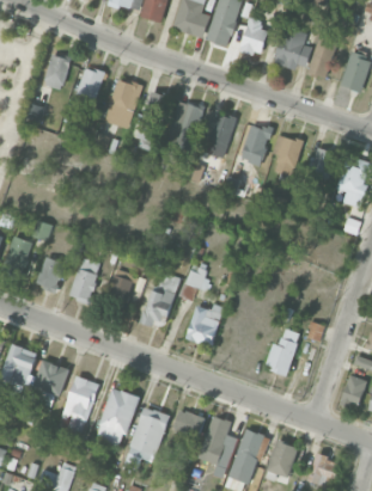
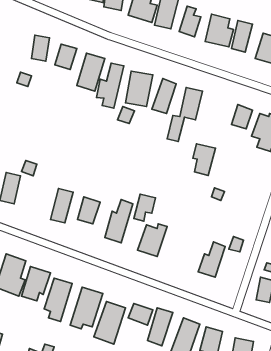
building: [272,134,301,176] -> [193,144,215,175]
building: [33,256,65,291] -> none

